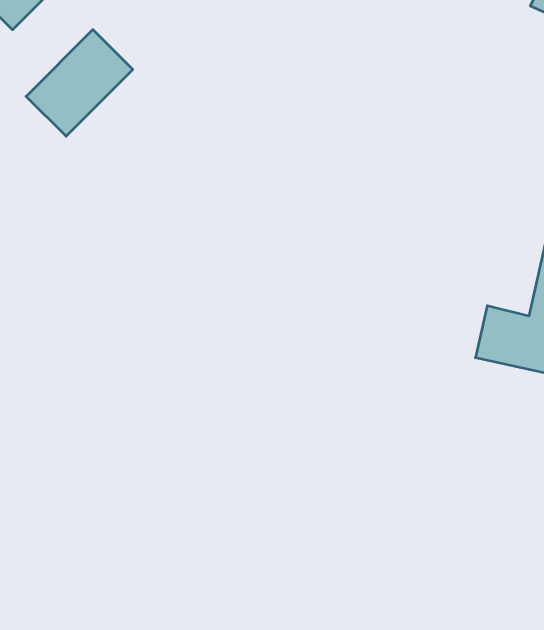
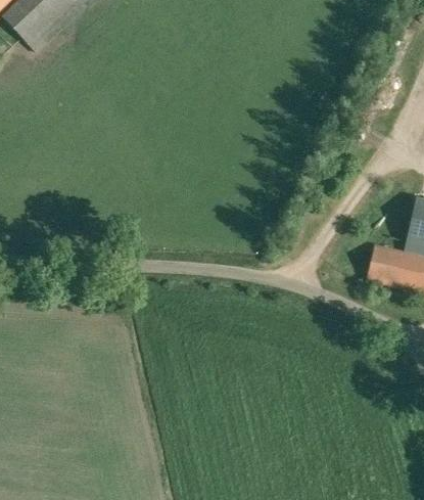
building: [26,30,133,136] -> none

